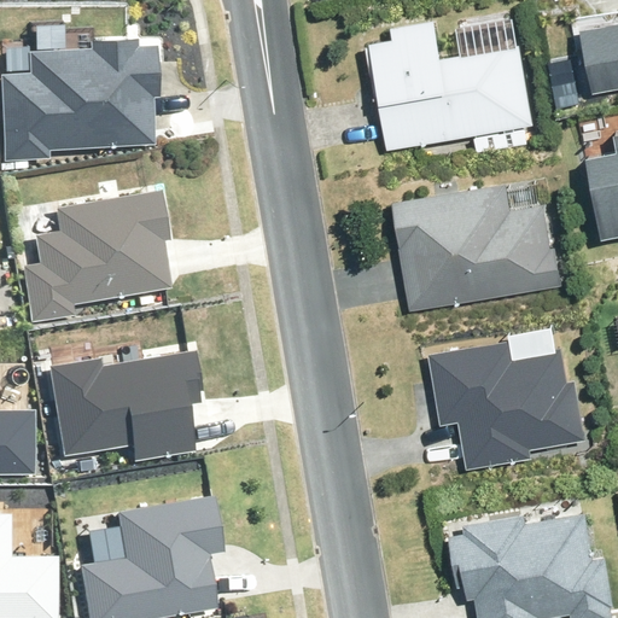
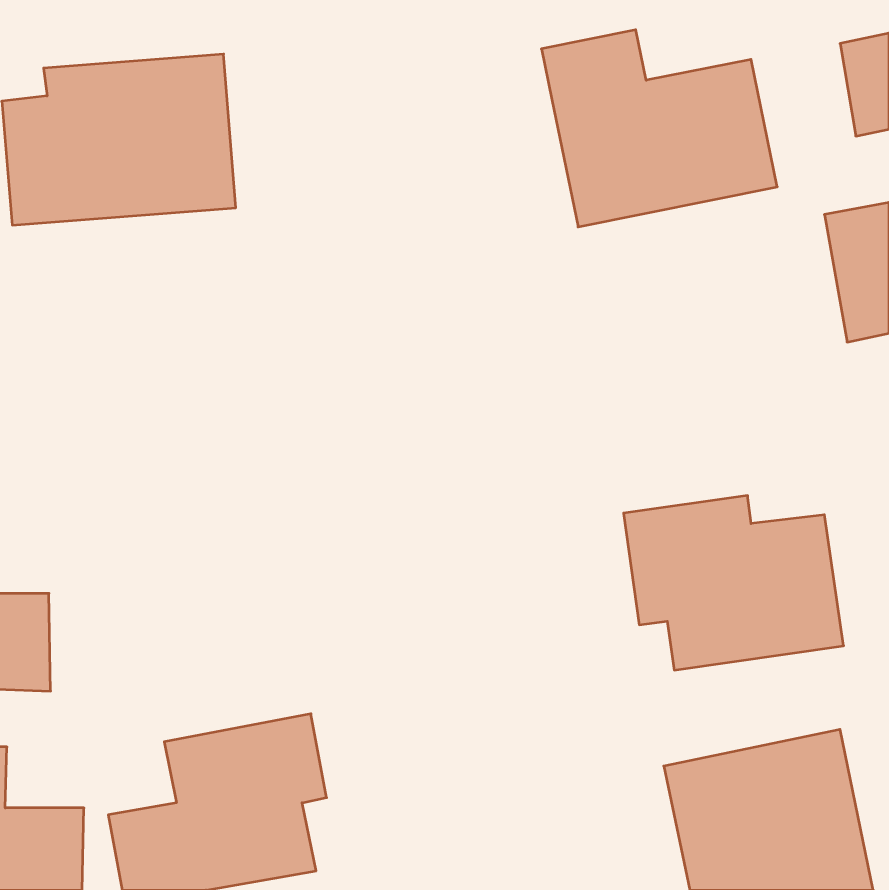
building: [391,186,561,311] -> none
building: [18,188,171,323] -> none
building: [51,351,204,459] -> none

